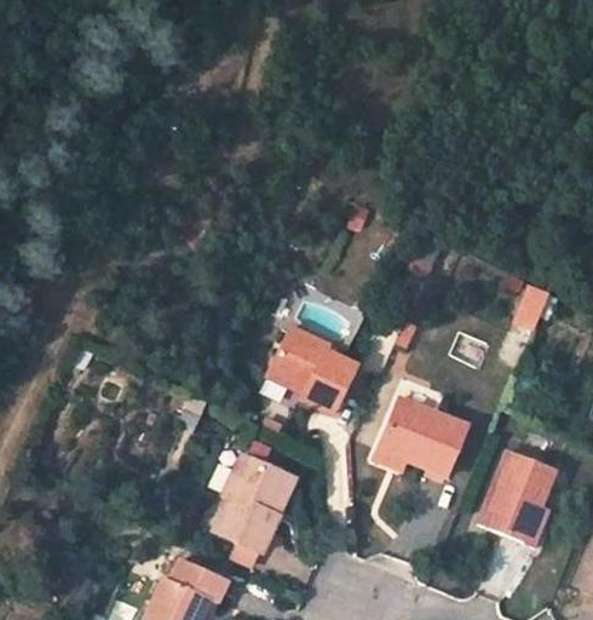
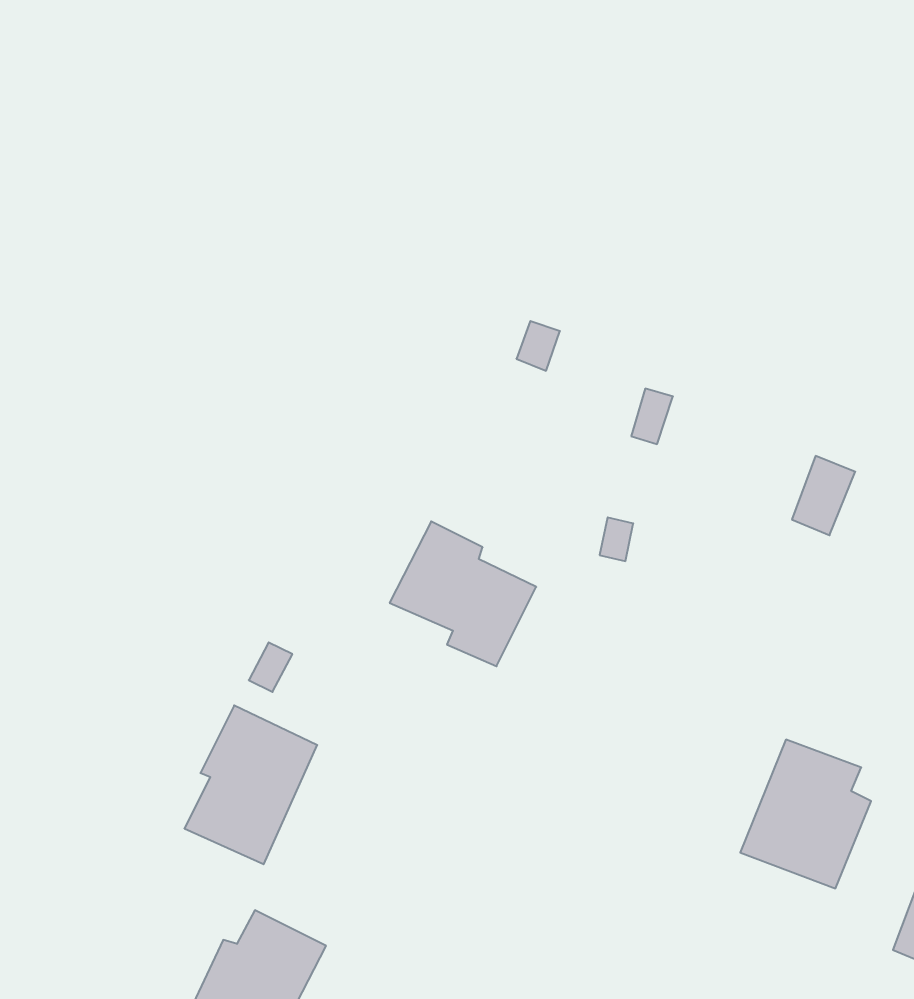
building: [380,397,465,473] -> none
building: [215,459,297,556] -> [184,705,317,864]

